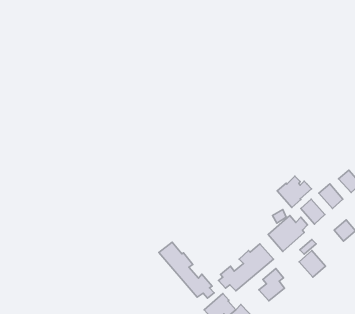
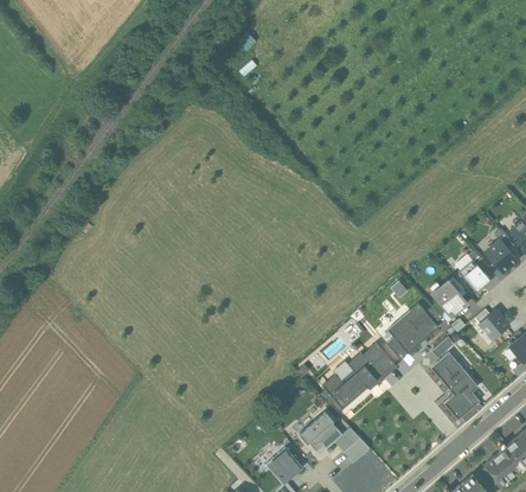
building: [277,176,311,207] -> none
building: [159,242,214,298] -> none
building: [259,268,284,301] -> [443,373,479,418]

